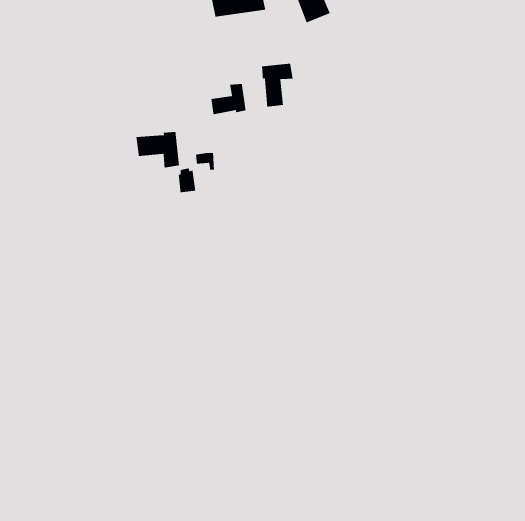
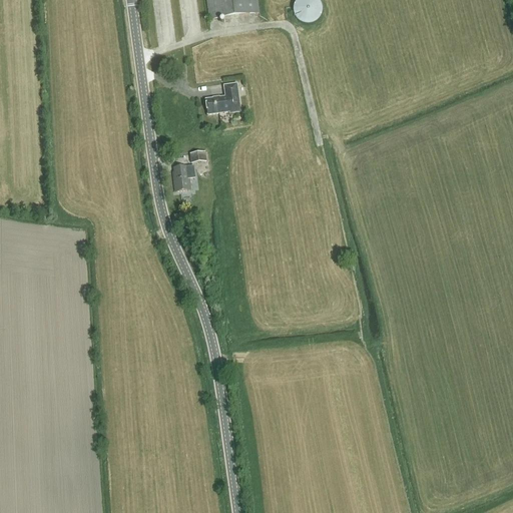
building: [261,63,293,108] -> none
building: [136,131,180,169] -> none

